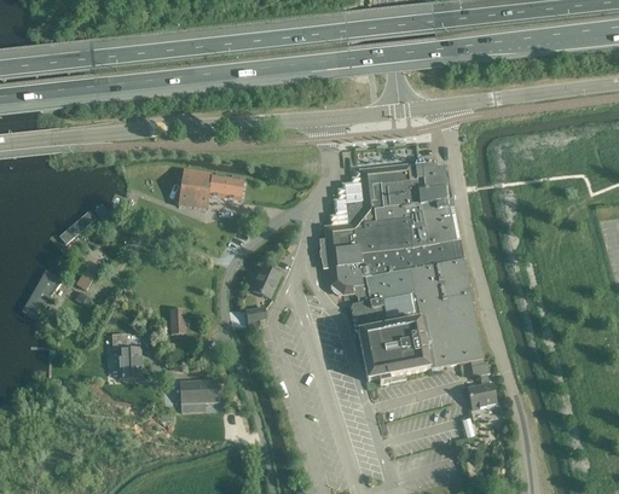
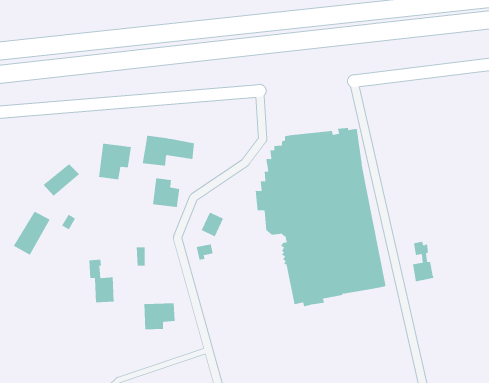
building: none -> [99,143,131,180]
building: none -> [152,177,180,208]
building: [469,359,497,409] -> [412,241,435,282]

